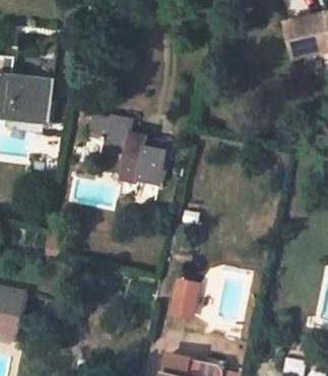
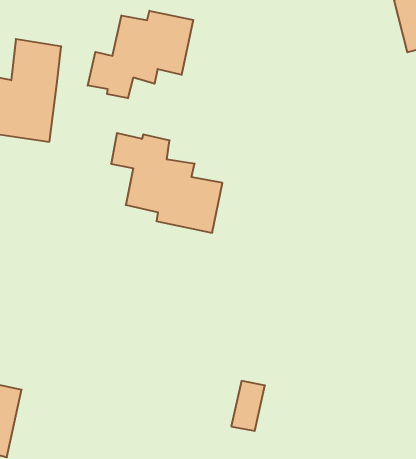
building: none -> [88,11,193,98]

